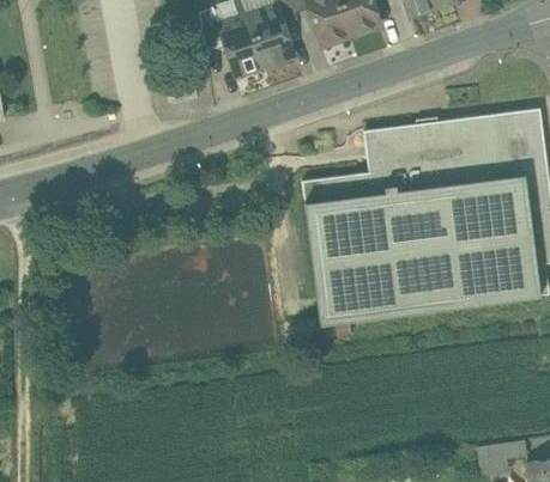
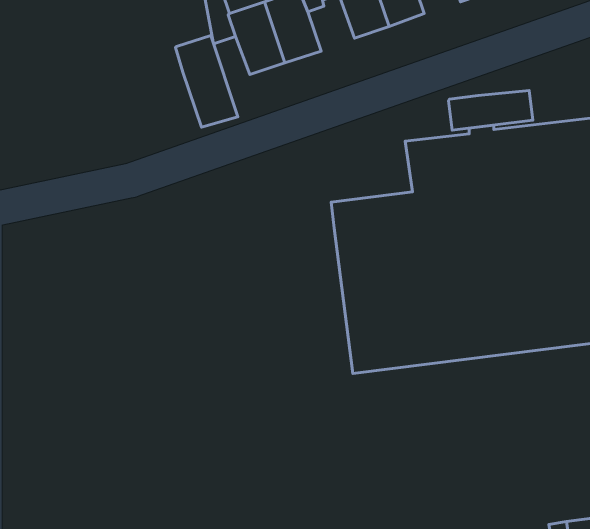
building: none -> [175,35,238,127]
building: none -> [448,91,533,130]

